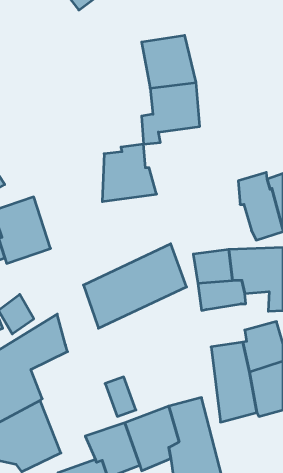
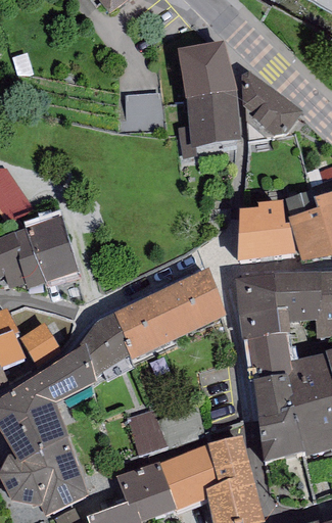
building: none -> [241,70,303,138]
building: none -> [132,95,167,126]
building: [102,144,157,202] -> [237,198,296,260]
building: none -> [85,312,129,377]
building: none -> [247,332,291,379]

